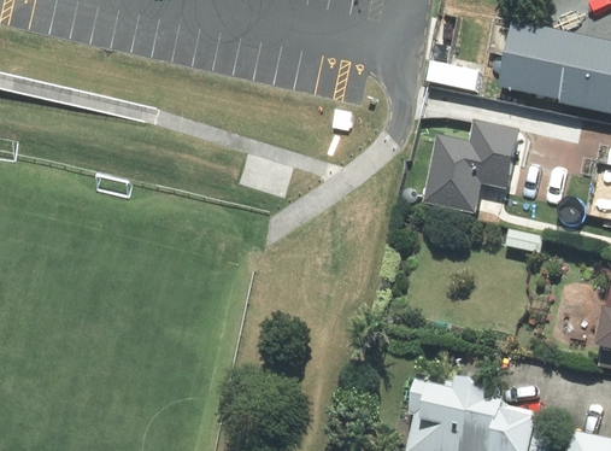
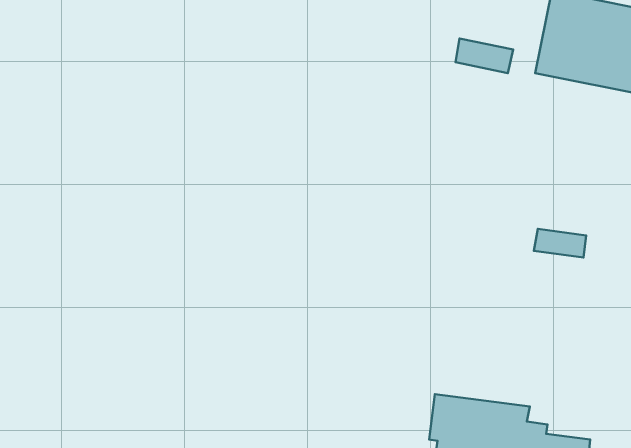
building: [423,119,523,211] -> none

